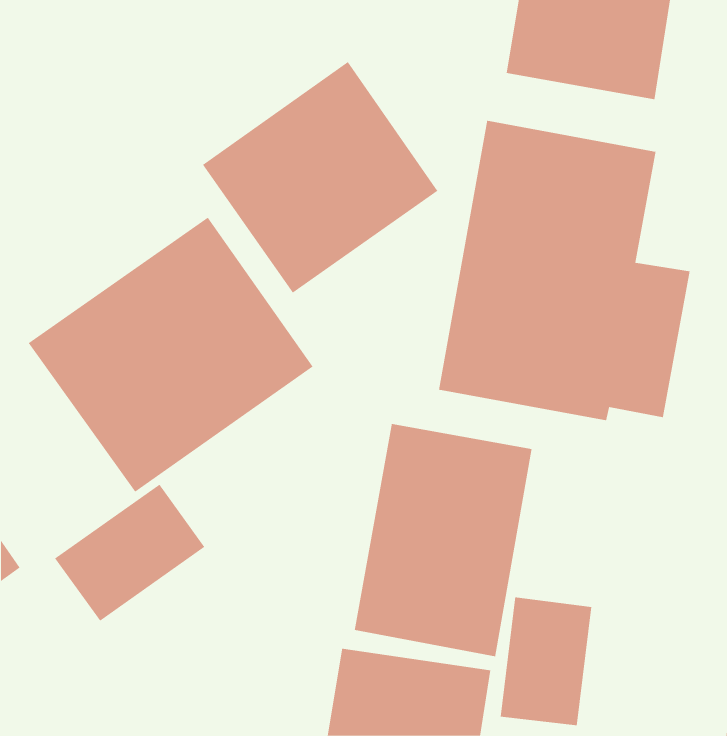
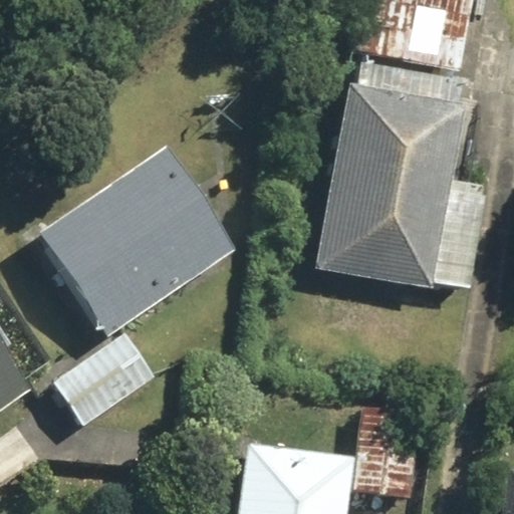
building: [202,61,438,293] -> none
building: [354,423,532,657] -> none

